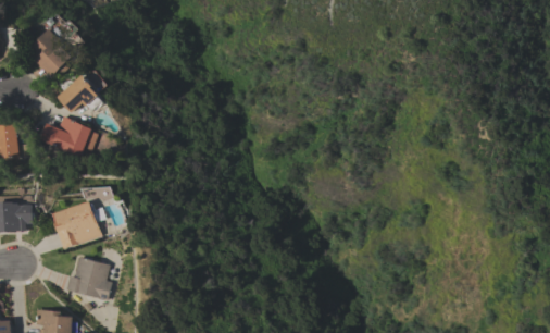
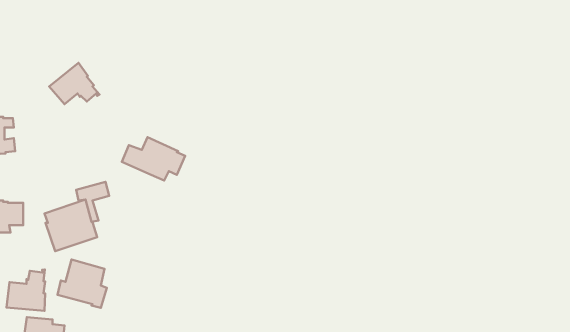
building: [27,28,75,76] -> none
building: [39,115,98,156] -> [122,137,185,181]
building: none -> [6,269,45,311]

